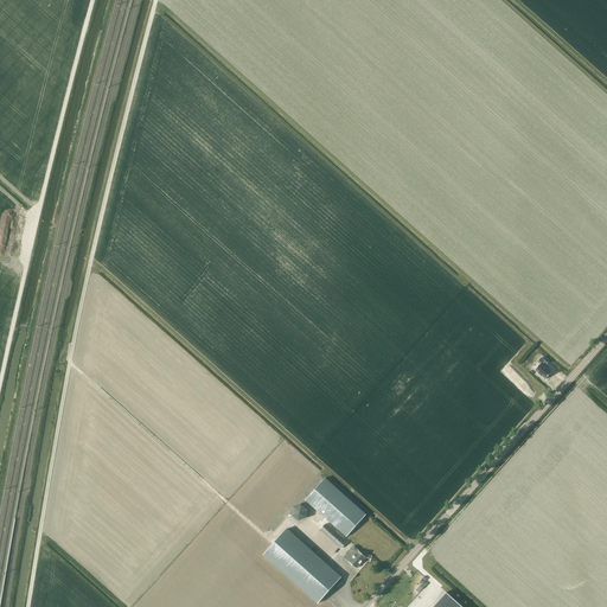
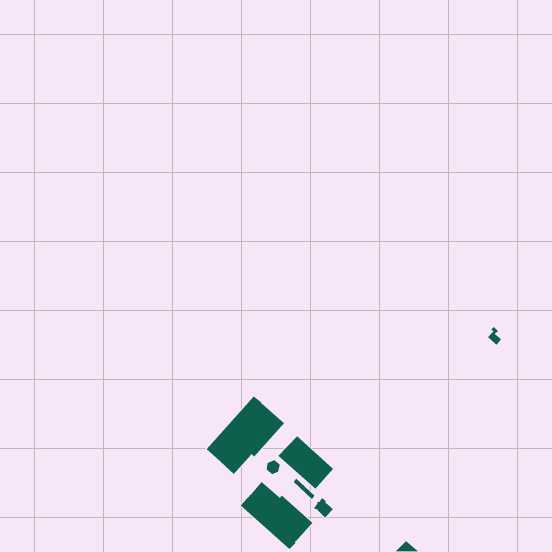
building: none -> [206,395,285,475]

